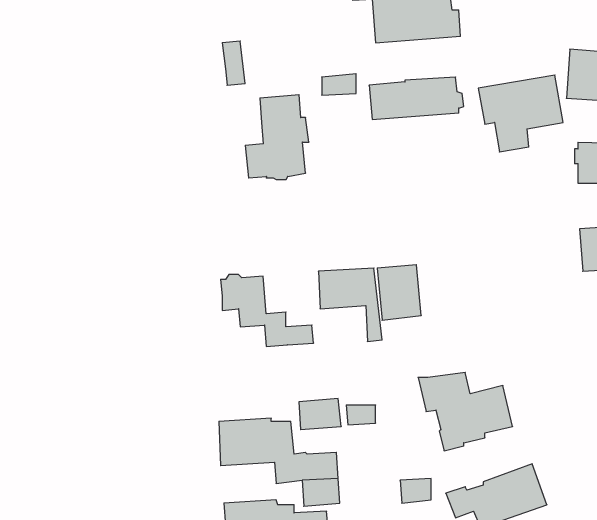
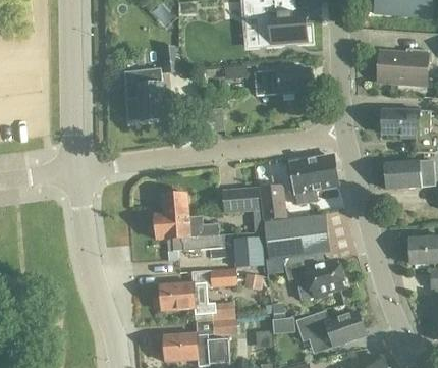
building: [478,75,563,152] -> [284,155,337,203]
building: [245,95,309,180] -> [126,67,166,120]
building: none -> [154,212,223,249]
building: none -> [264,213,329,257]
building: none -> [233,238,263,265]

